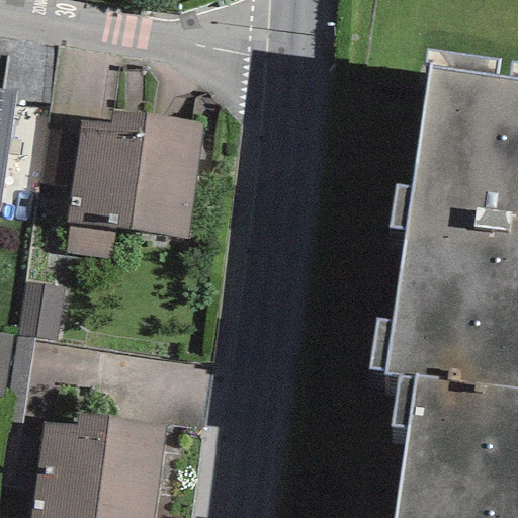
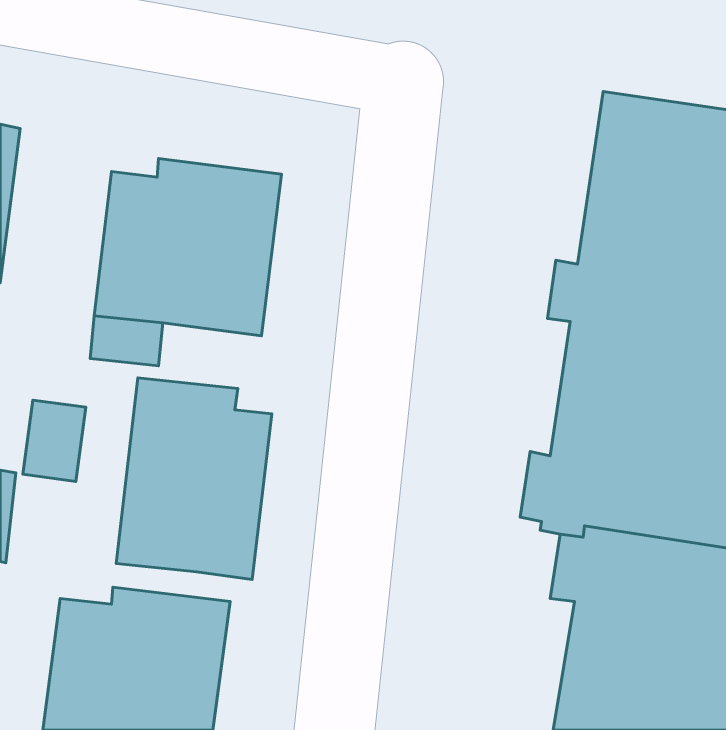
building: none -> [116,378,272,580]

